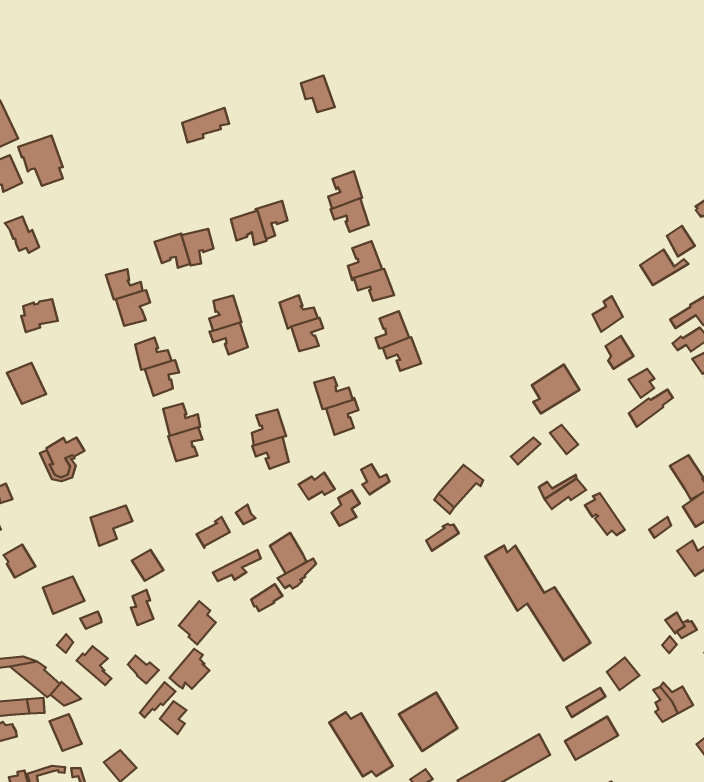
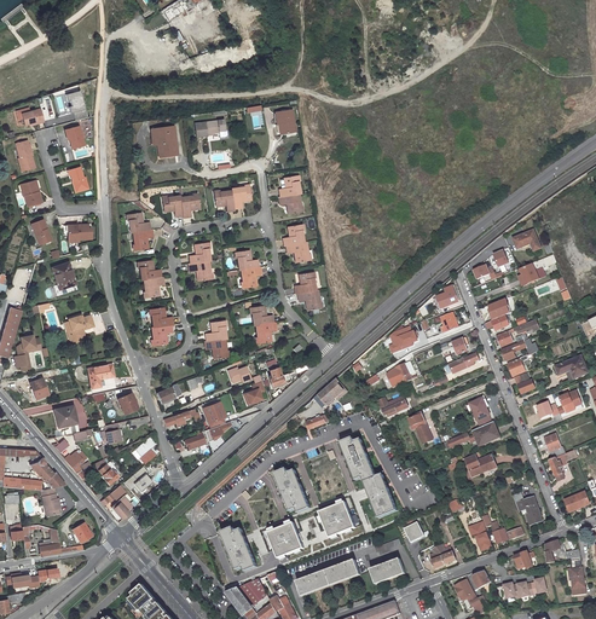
building: [18,135,63,186] -> [151,128,178,160]
building: none -> [274,464,311,510]
building: none -> [318,501,354,537]

